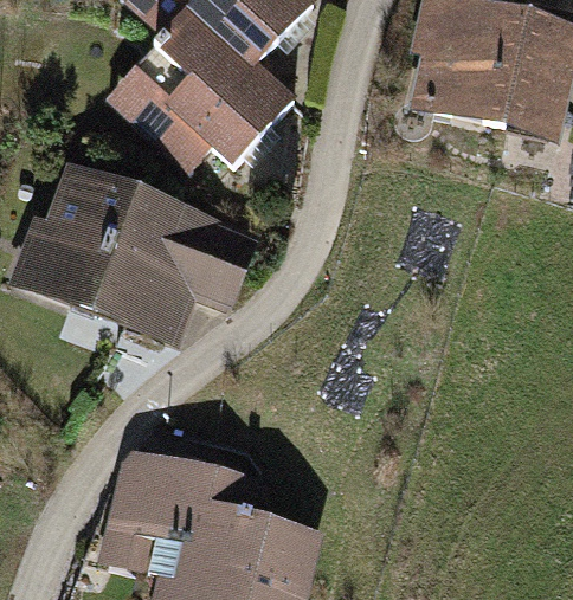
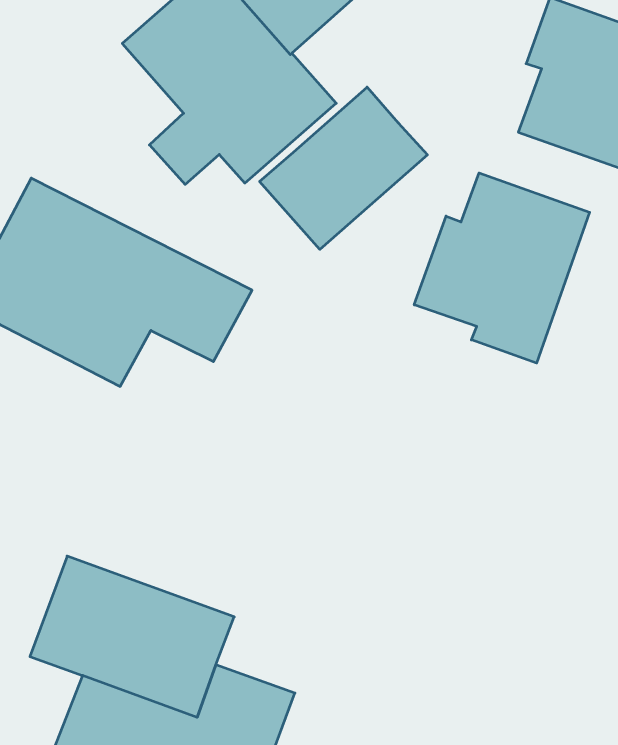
building: none -> [260,87,427,249]
building: none -> [414,173,590,363]

